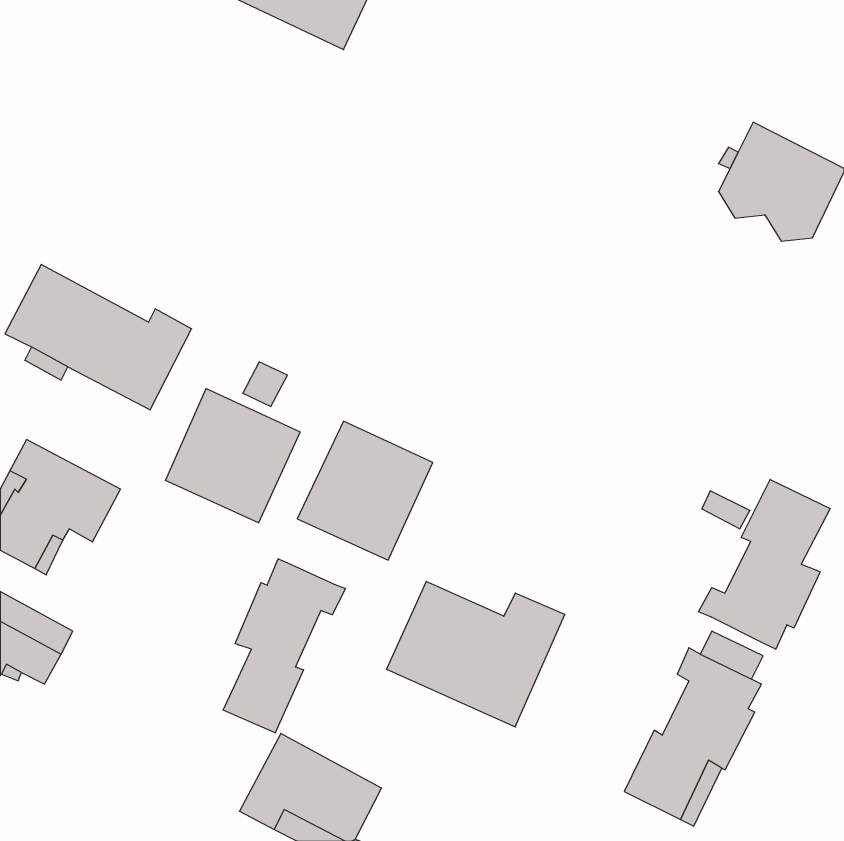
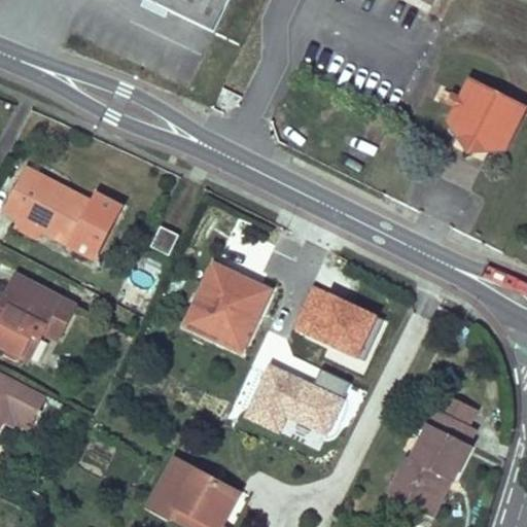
building: [166,388,300,523] -> none
building: none -> [290,287,380,363]
building: [698,479,830,649] -> none
building: [223,559,345,733] -> none

